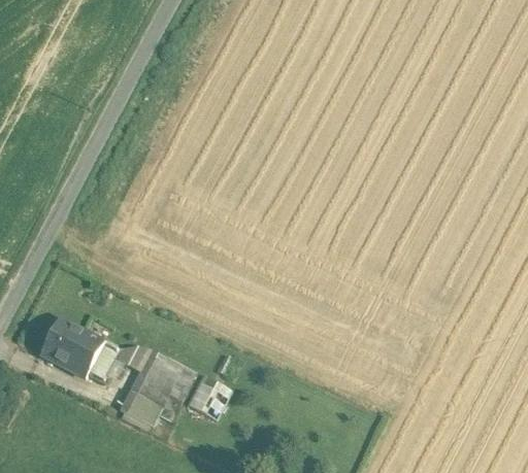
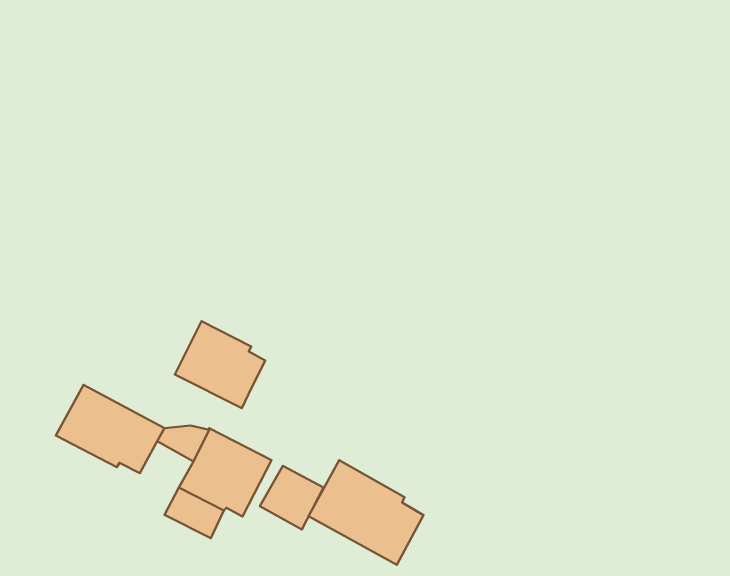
building: none -> [175,321,265,408]
building: none -> [309,460,424,565]

